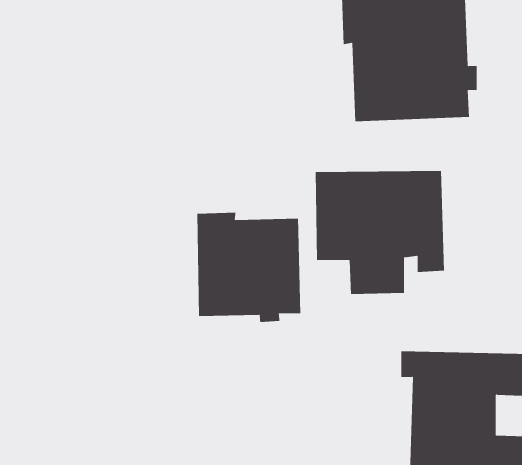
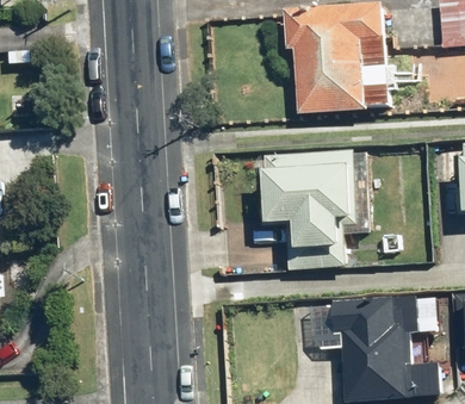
building: [197,212,301,323] -> none

